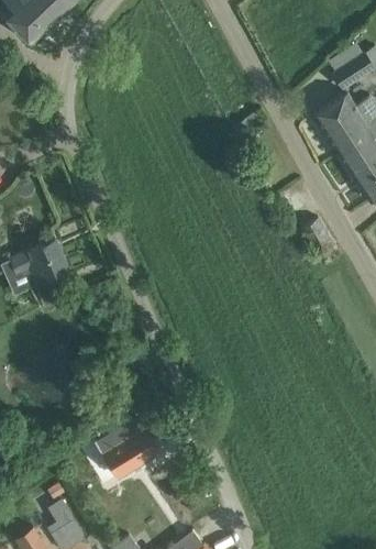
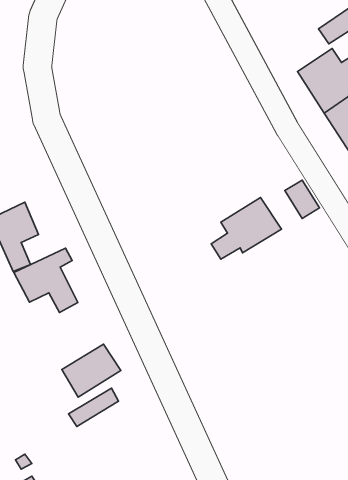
building: none -> [211,197,281,259]
building: none -> [14,248,78,313]
building: [103,428,159,479] -> [62,344,121,397]

